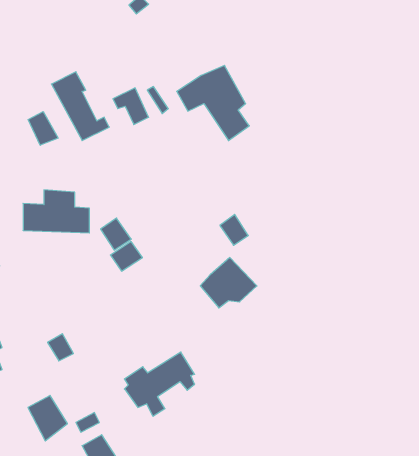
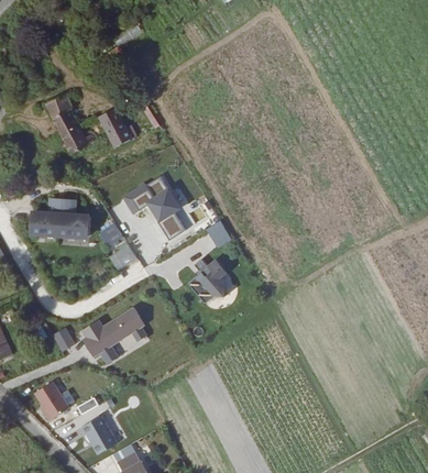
building: [177,65,249,141] -> [121,174,186,241]
building: [28,112,58,145] -> none
building: [124,352,195,416] -> [81,307,144,364]

